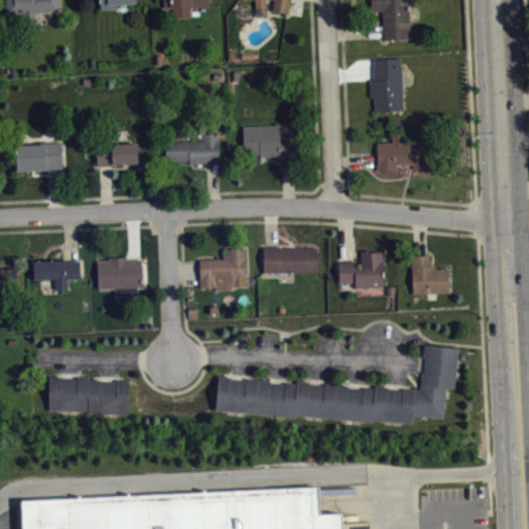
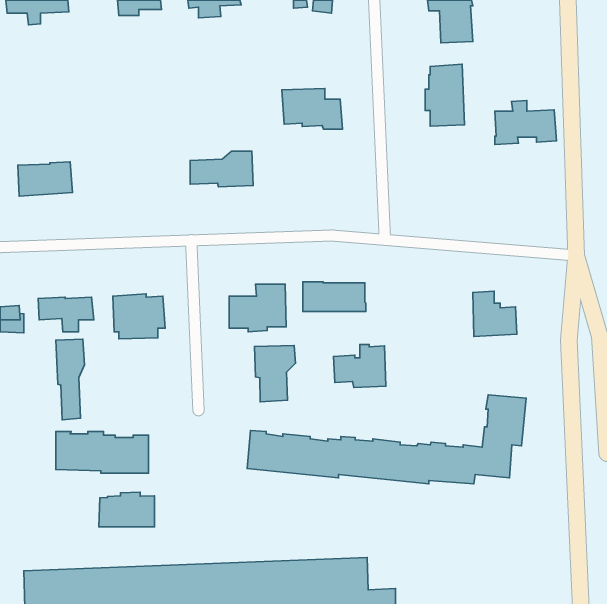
building: [243,126,295,161] -> [282,89,343,129]
building: [377,134,431,173] -> [495,100,557,144]
building: [96,145,141,167] -> none
building: [338,252,383,289] -> [334,345,386,387]
building: none -> [56,339,85,420]
building: none -> [255,345,296,402]
building: none -> [99,492,155,527]

